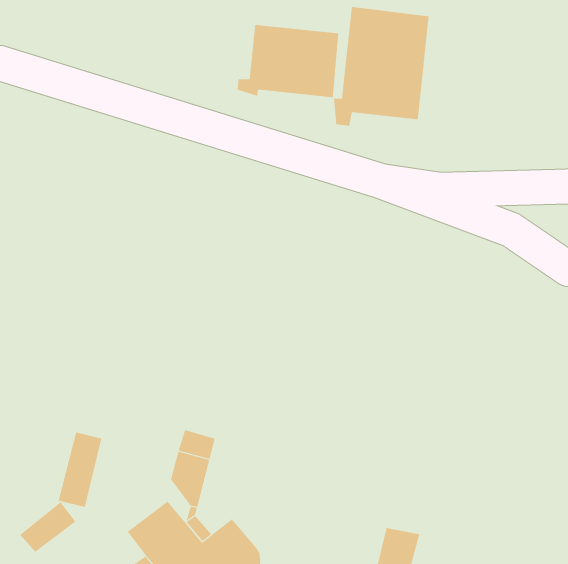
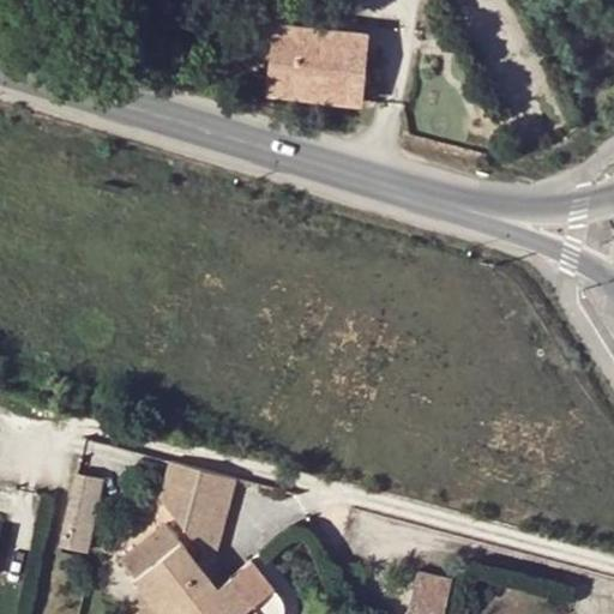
building: [333,6,429,126] -> none
building: none -> [159,459,199,522]
building: [20,501,76,552] -> [120,523,181,578]

